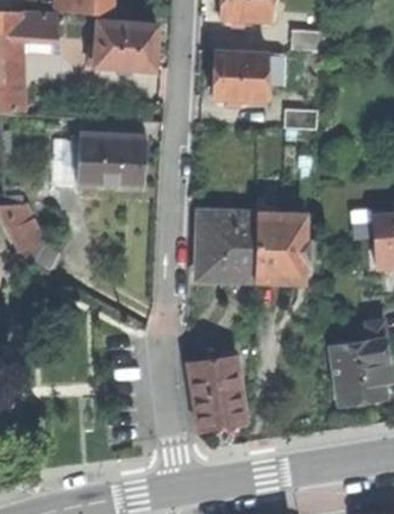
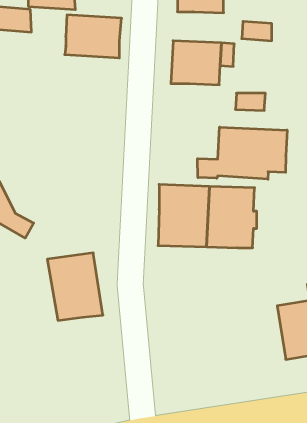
building: [52,133,151,188] -> none
building: none -> [198,127,287,179]
building: [186,355,248,430] -> [47,253,103,320]

